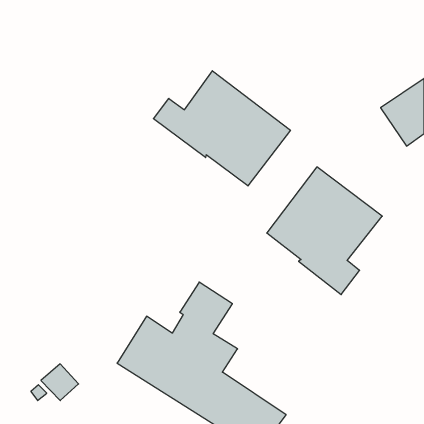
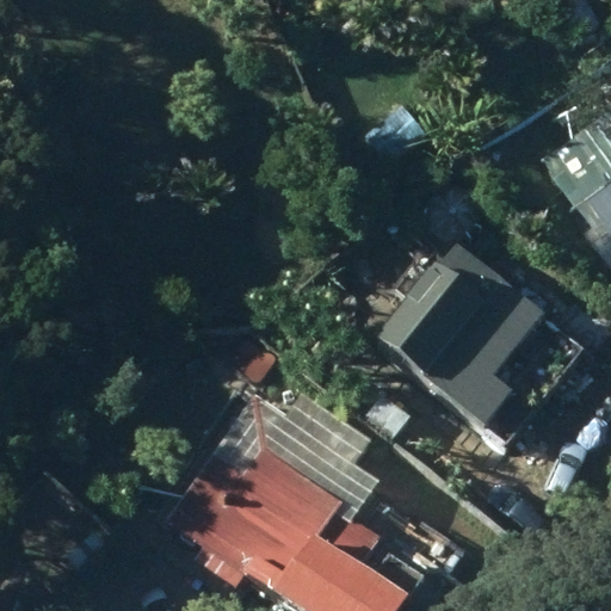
building: [153,71,290,186] -> none

